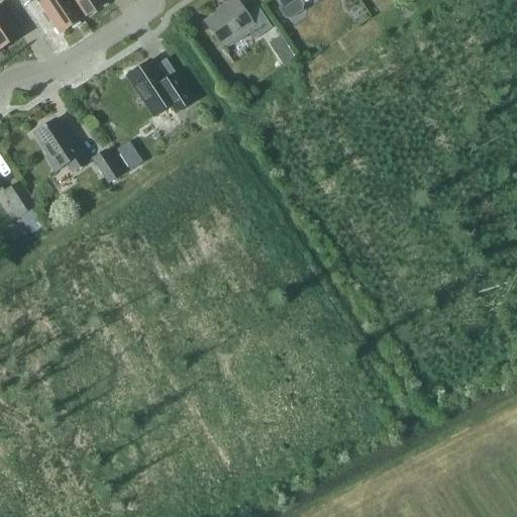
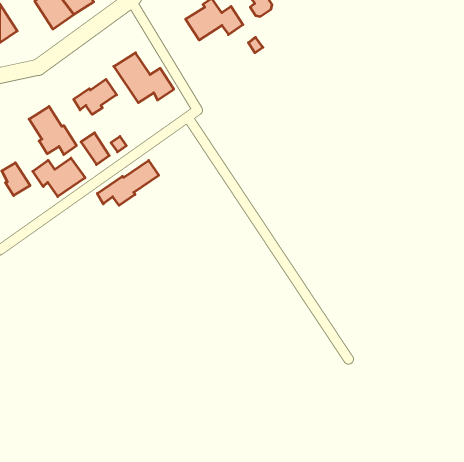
building: none -> [74,79,117,114]
building: none -> [33,158,85,197]
building: none -> [97,160,159,205]

